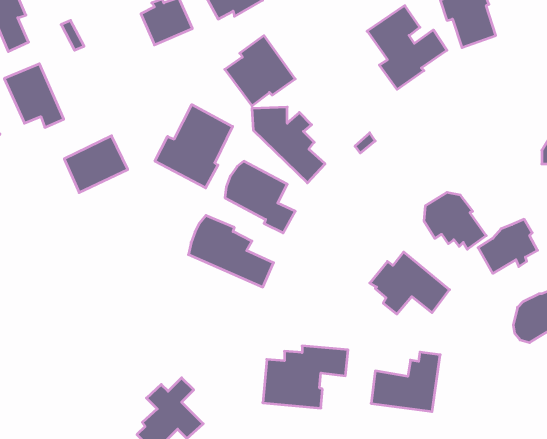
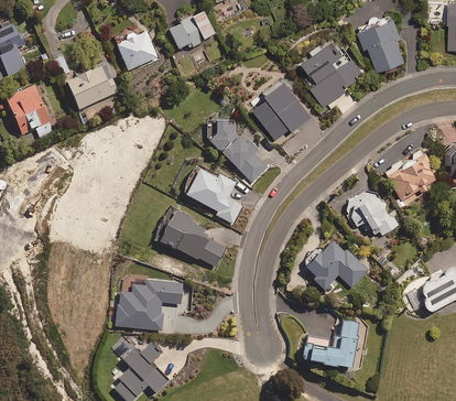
building: [225,36,295,106] -> [254,82,312,139]
building: [155,105,233,188] -> none
building: [64,136,128,193] -> [67,63,119,109]
building: [478,219,538,273] -> [388,154,436,198]
building: [263,346,348,408] -> [111,280,181,330]

